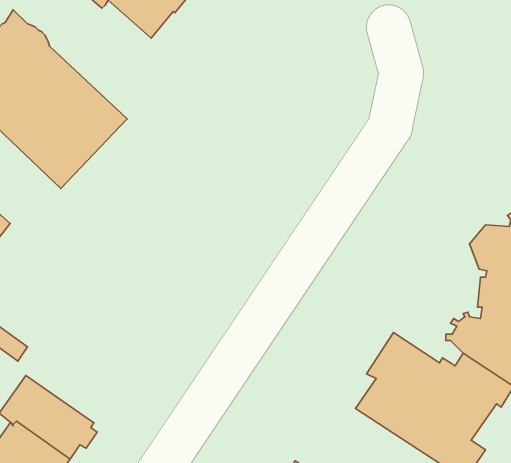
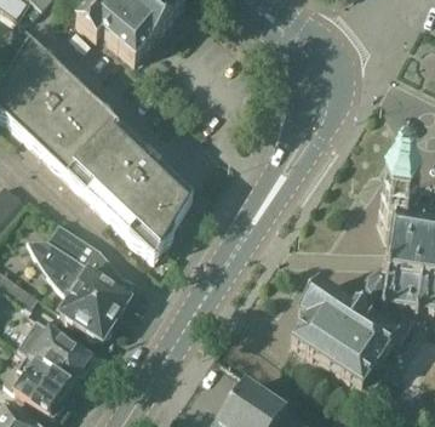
building: none -> [64,120,191,257]
building: none -> [29,221,134,337]

